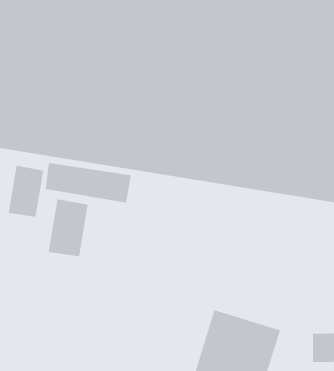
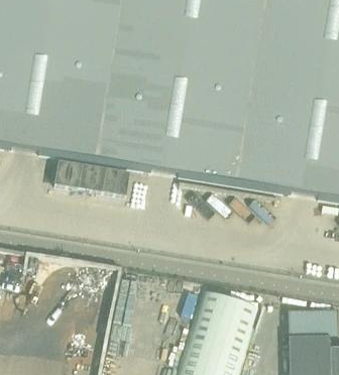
building: [8,165,44,218] -> none
building: [48,199,88,257] -> none

